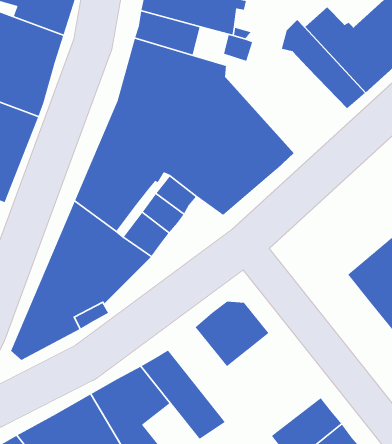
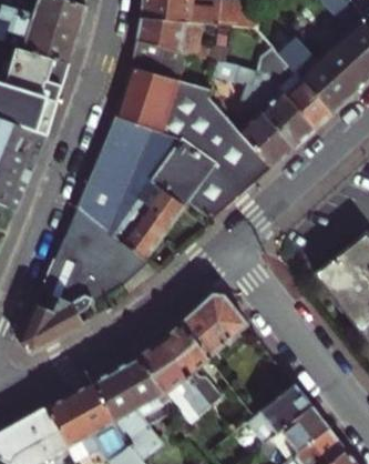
building: none -> [209,70,317,167]
building: none -> [158,321,223,405]

